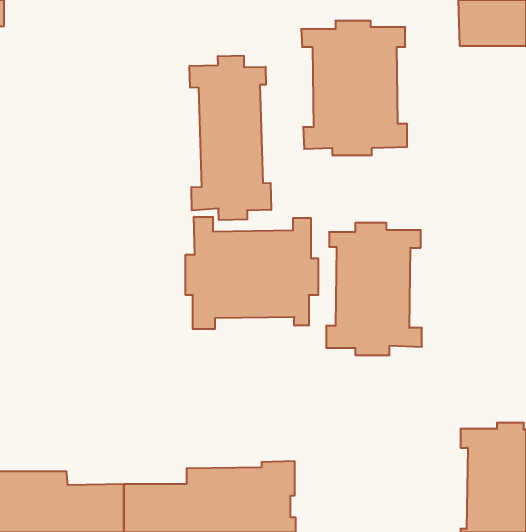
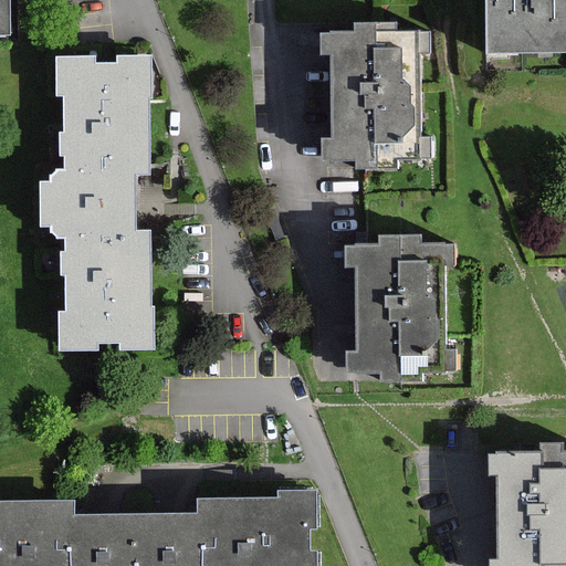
building: none -> [40,52,153,347]
building: [190,56,271,220] -> none
building: [186,217,318,329] -> none

